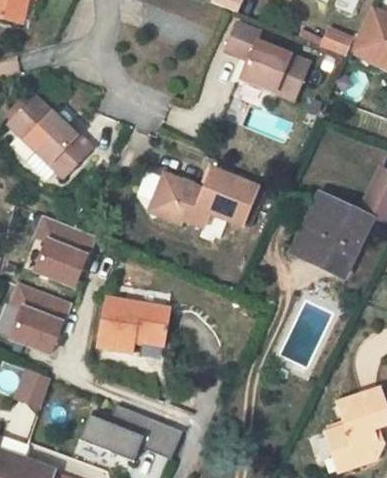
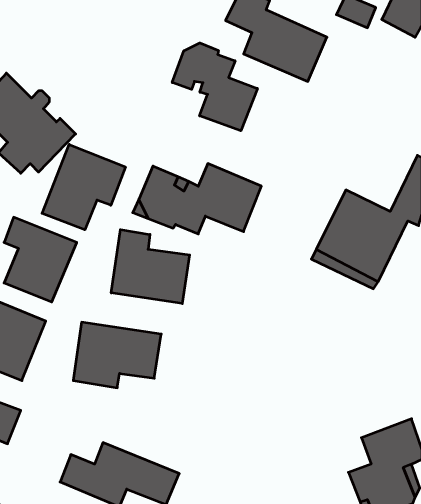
building: none -> [172,43,257,131]
building: none -> [42,144,125,230]
building: none -> [111,230,190,304]

